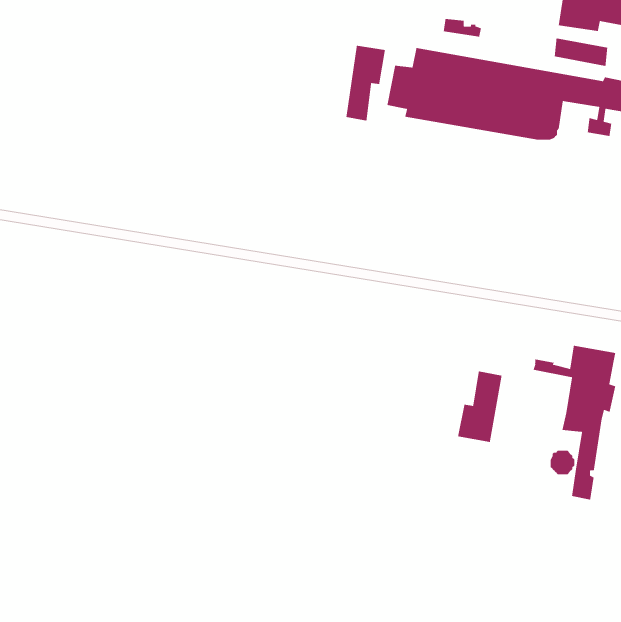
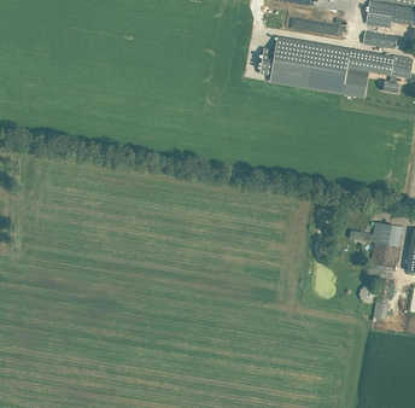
building: [345,45,386,121] -> none
building: [457,370,503,443] -> none

